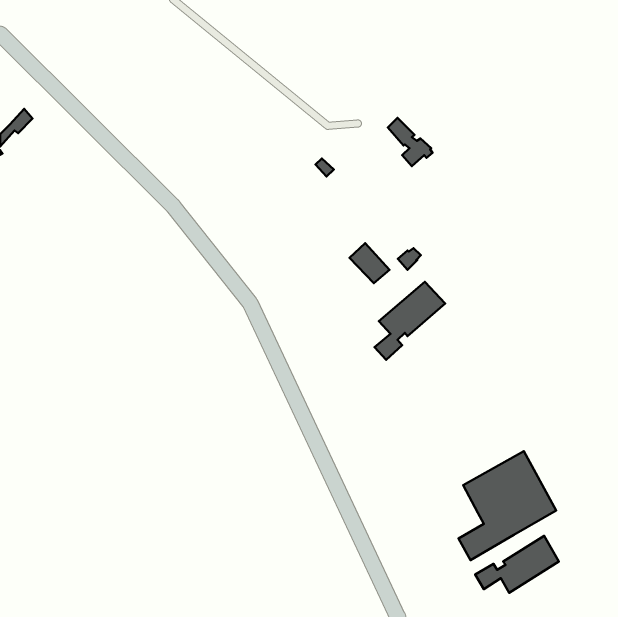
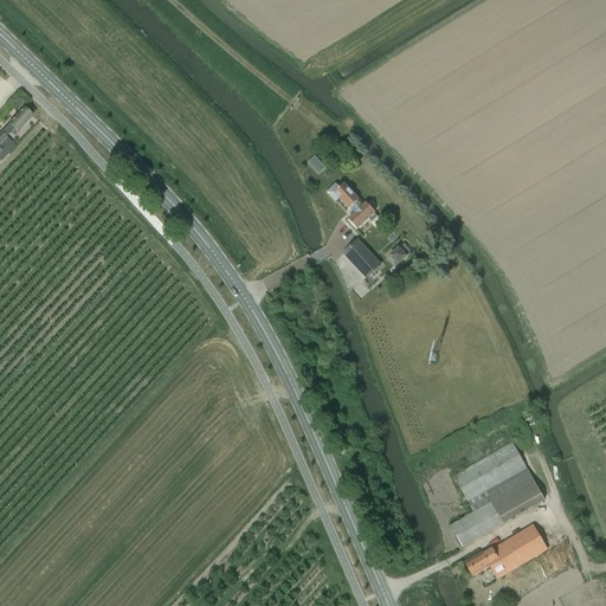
building: [388,118,432,166] -> [334,181,378,228]
building: [375,282,445,360] -> none

